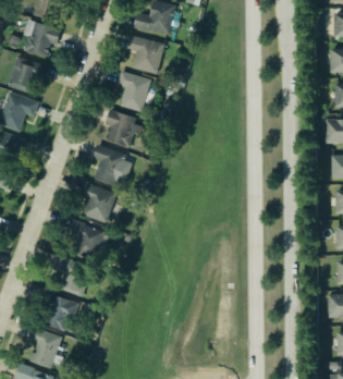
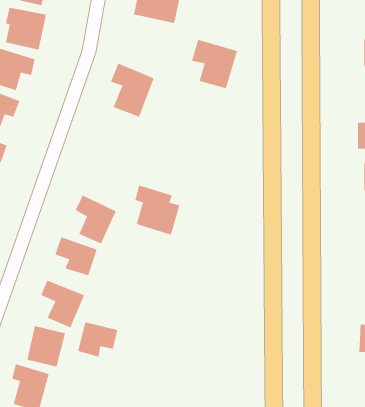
building: [127,36,168,78] -> [191,39,238,89]
building: [106,111,138,147] -> none
building: [94,146,133,190] -> [135,185,180,236]
building: none -> [78,321,118,357]

